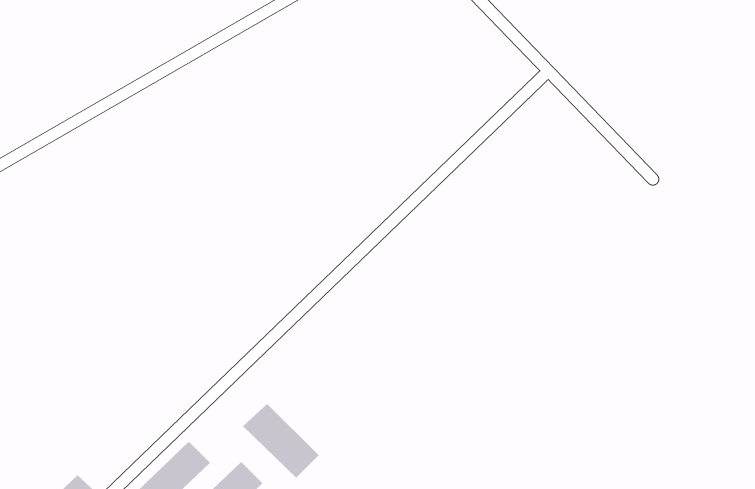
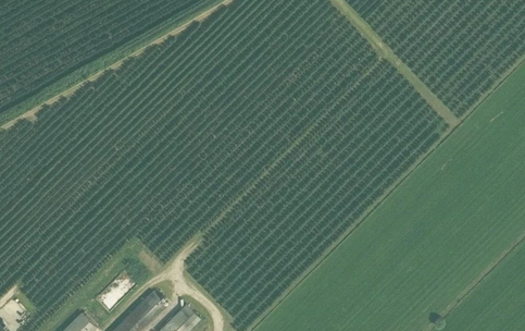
building: [242,403,319,478] -> none

